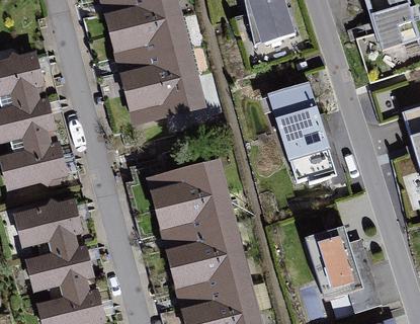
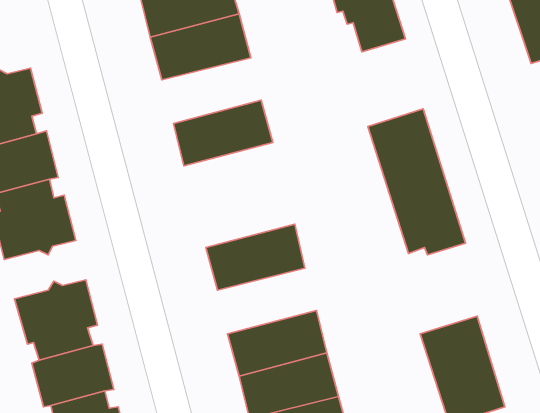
building: [125,47,194,92] -> none
building: [164,192,233,238] -> none

